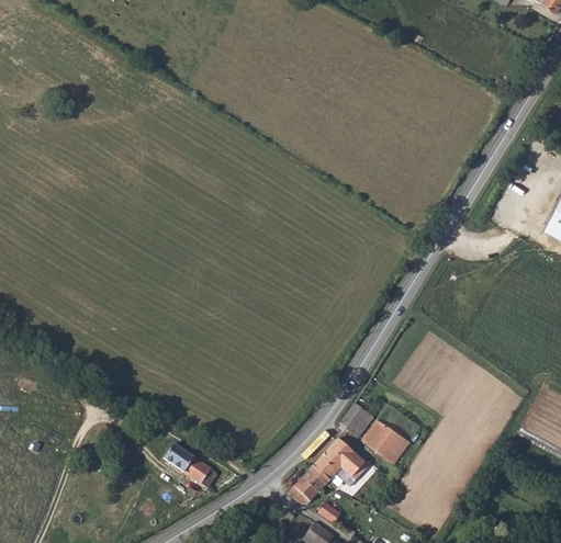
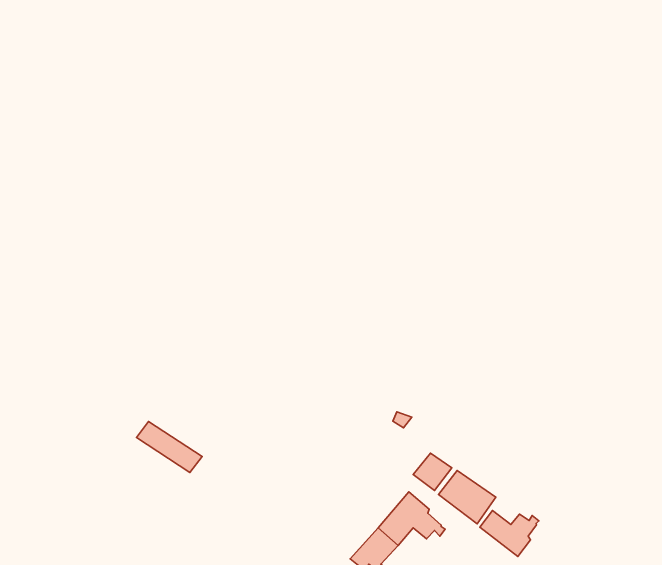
building: [162,445,216,487] -> [137,422,202,472]
building: none -> [480,510,539,556]

